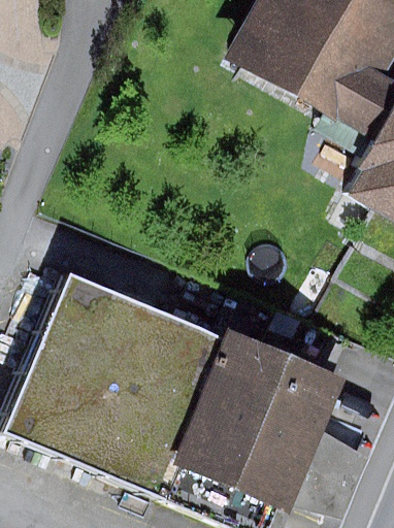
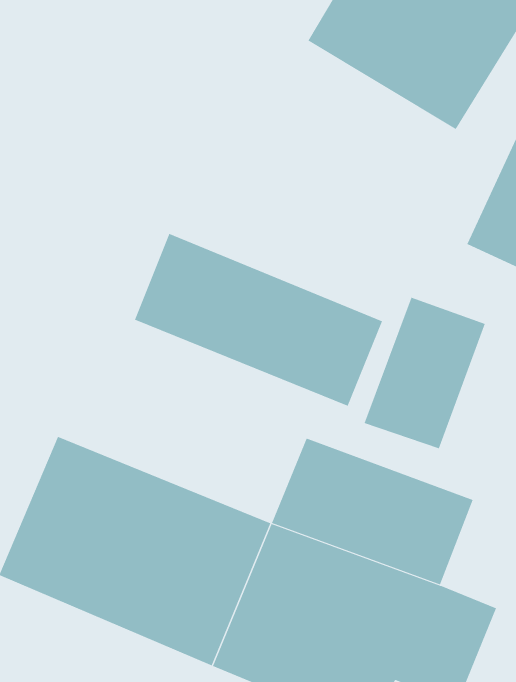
building: none -> [364,297,486,449]
building: [50,269,227,393] -> [134,233,383,406]

